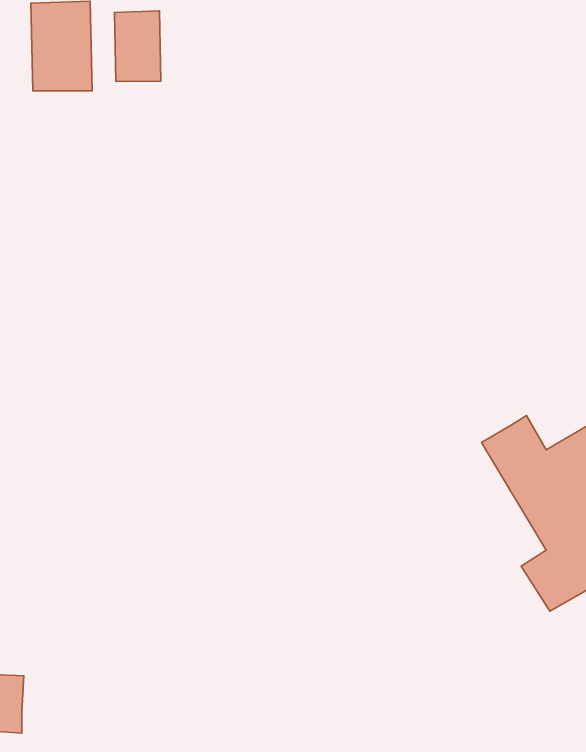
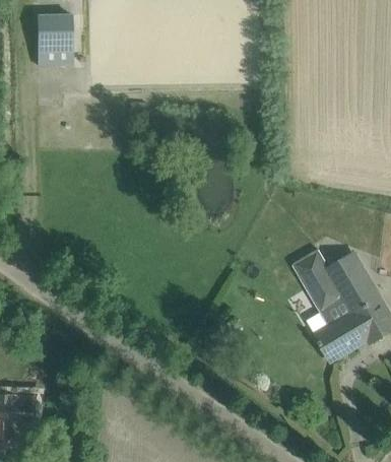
building: [115,11,161,82] -> none

